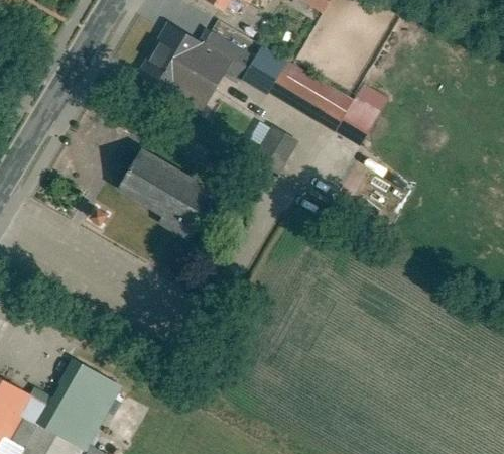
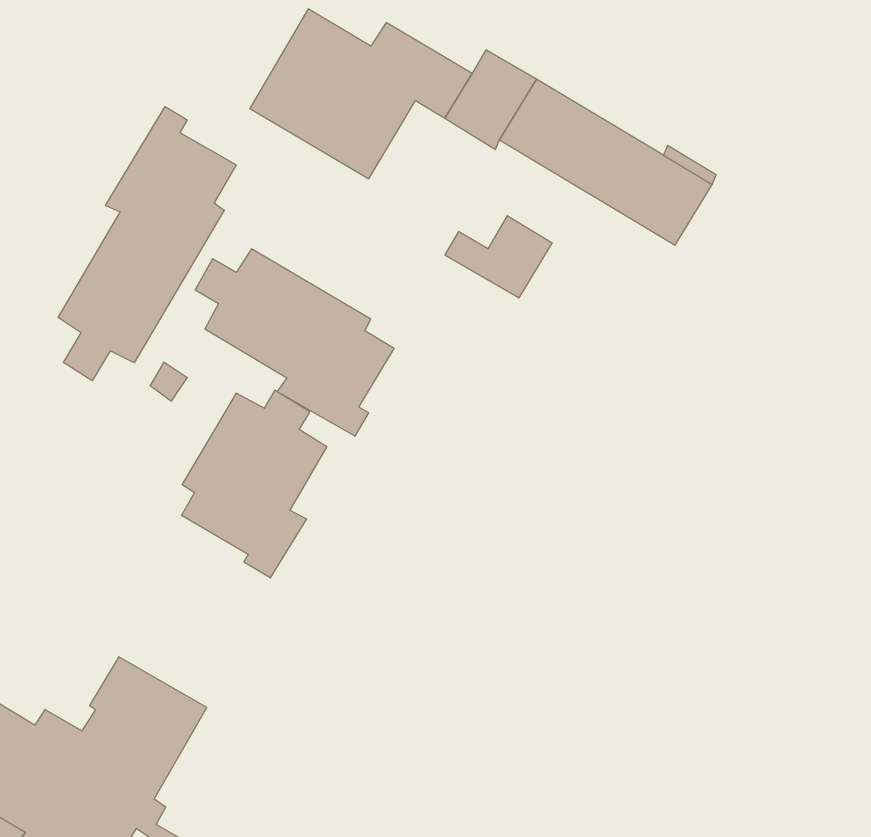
building: none -> [58,107,236,381]
building: none -> [182,390,327,578]

